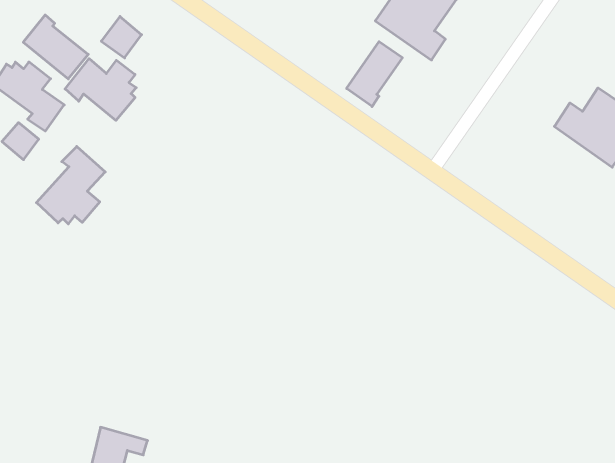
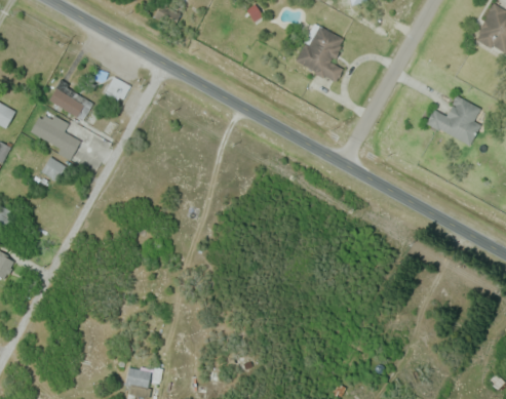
building: [347,42,402,107] -> none
building: [65,59,136,120] -> none
building: [36,146,105,224] -> none

